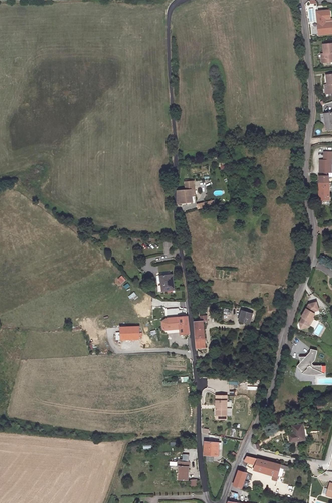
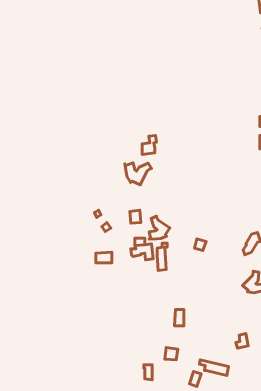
building: none -> [125,163,151,185]
building: none -> [149,216,170,239]

